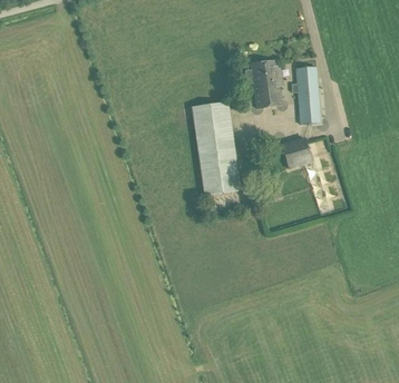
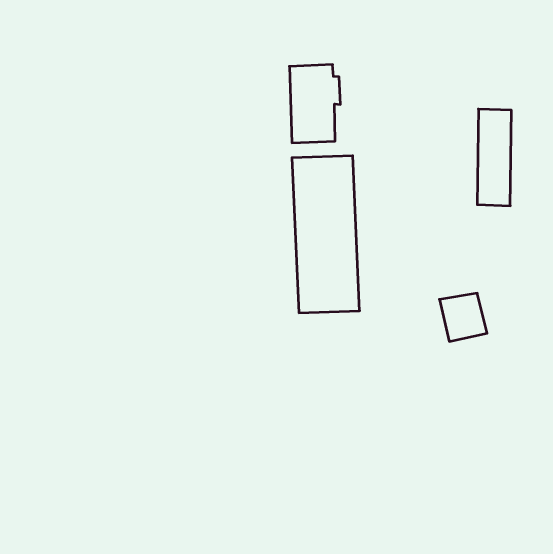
building: [251,60,282,107] -> [289,65,340,143]
building: [282,138,311,167] -> [439,293,487,341]

